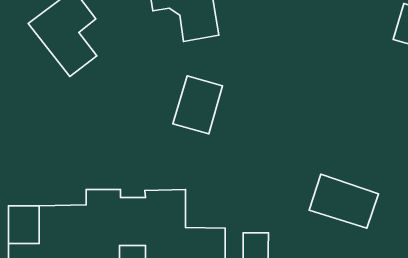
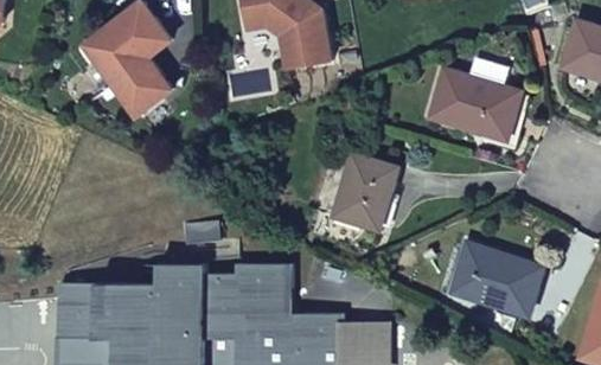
building: none -> [430,59,519,139]
building: [173,76,222,134] -> [332,154,397,230]

